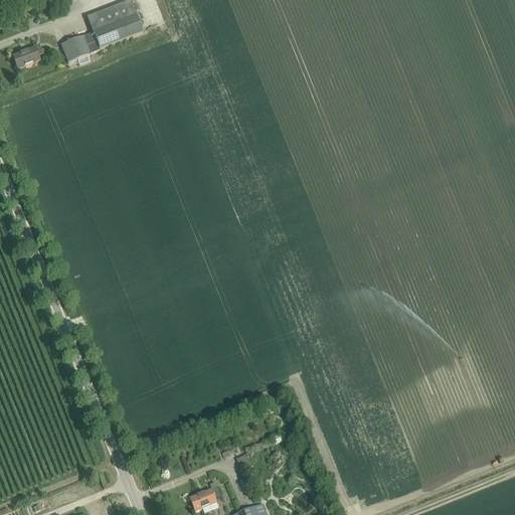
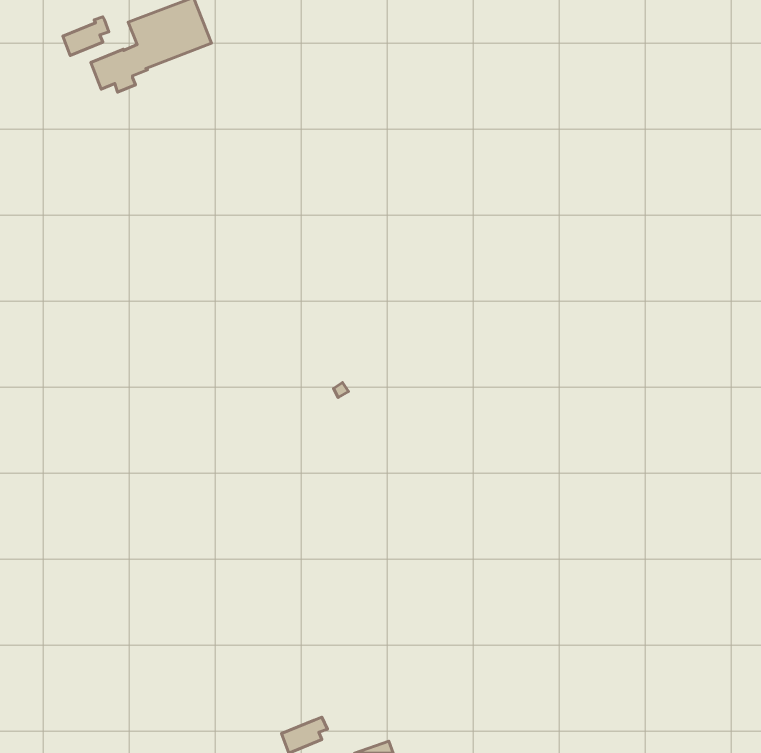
building: [12,40,43,66] -> [63,17,109,56]

